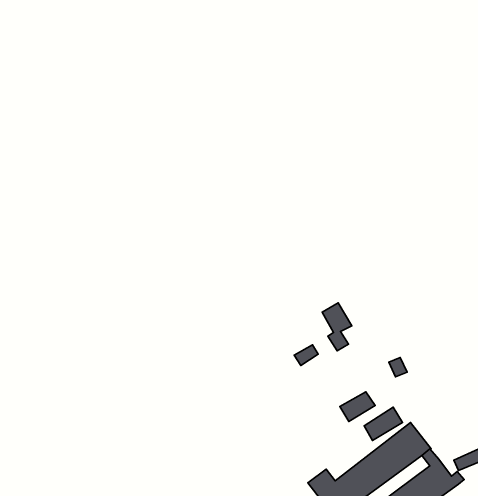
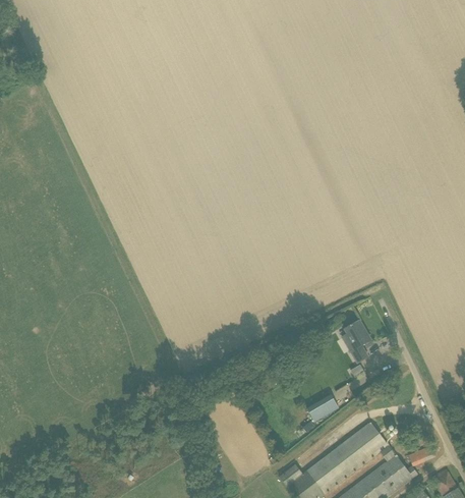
building: [322,303,352,351] -> [344,321,370,364]
building: [364,407,402,441] -> none

